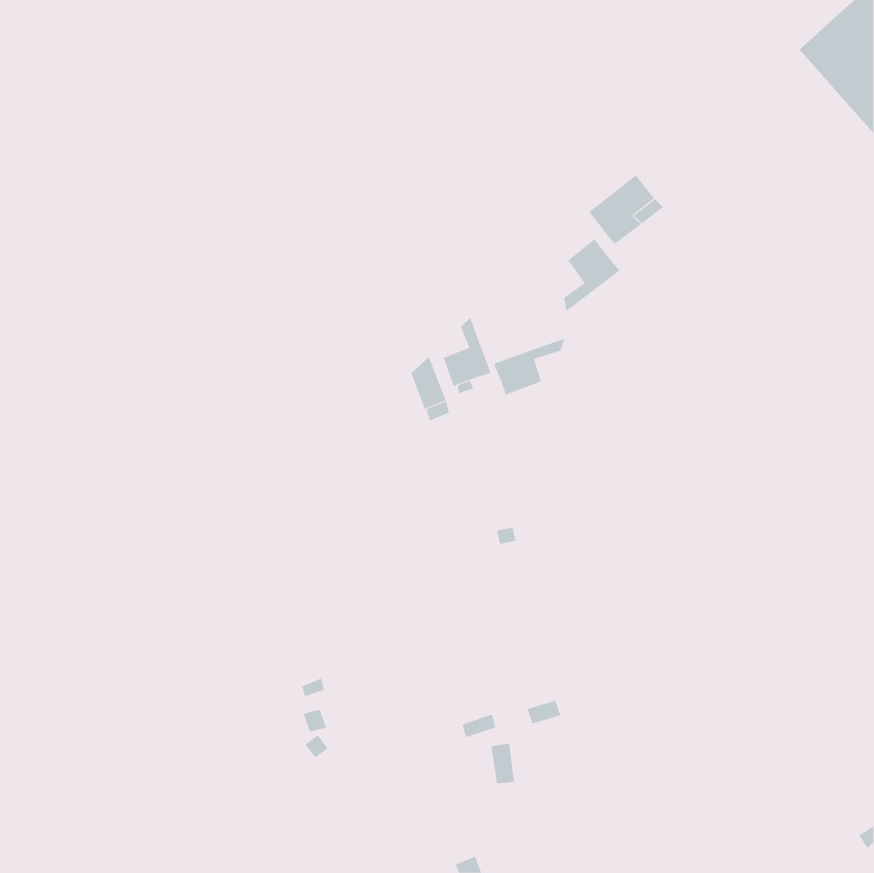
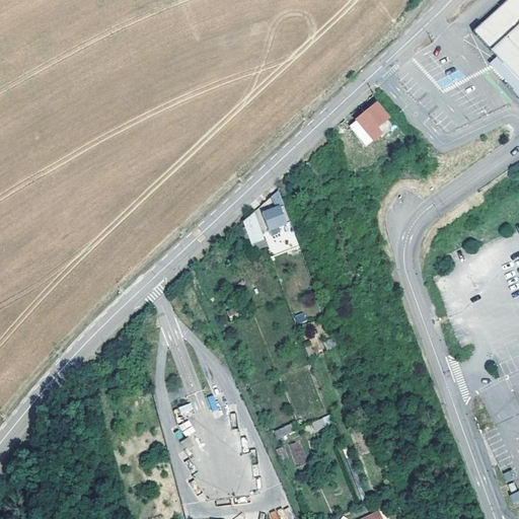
building: [563,238,620,312] -> none
building: [494,338,565,395] -> none

